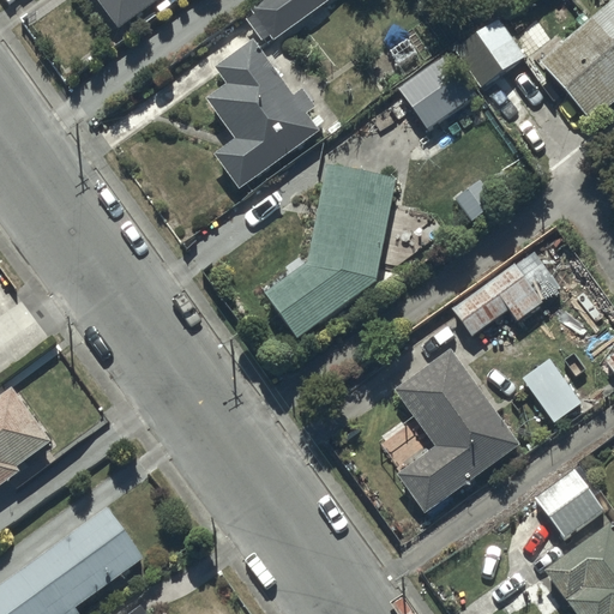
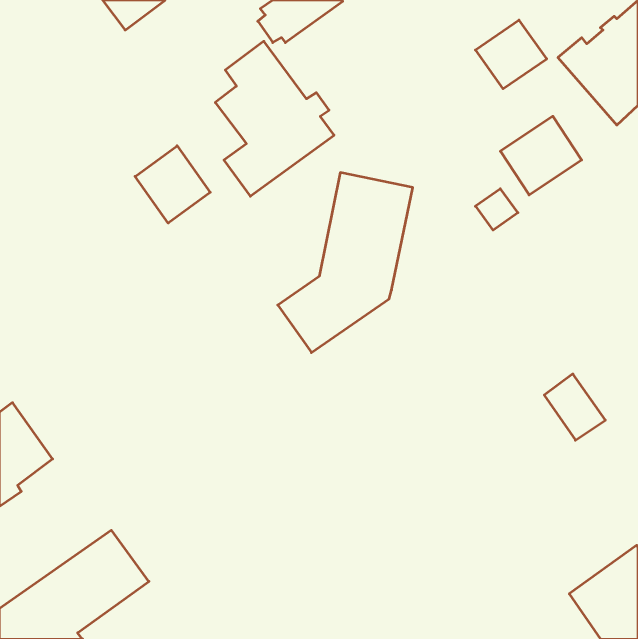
building: [398,53,476,128] -> [500,116,582,195]
building: none -> [135,146,210,223]
building: [451,254,560,336] -> none
building: [391,349,519,512] -> none
building: [536,470,607,538] -> none

